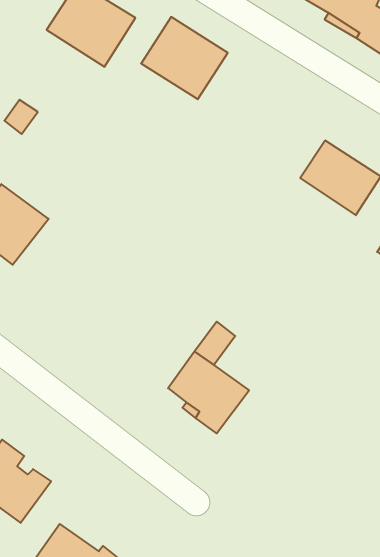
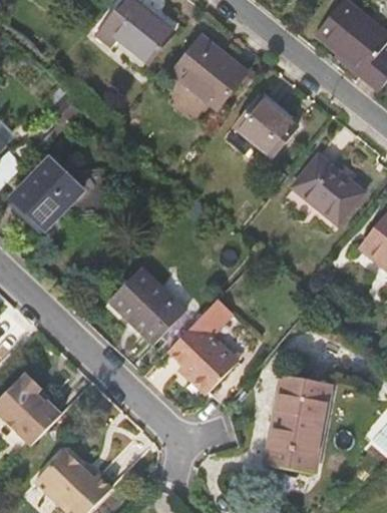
building: none -> [242,95,303,154]
building: none -> [110,273,182,344]
building: none -> [259,367,332,470]

